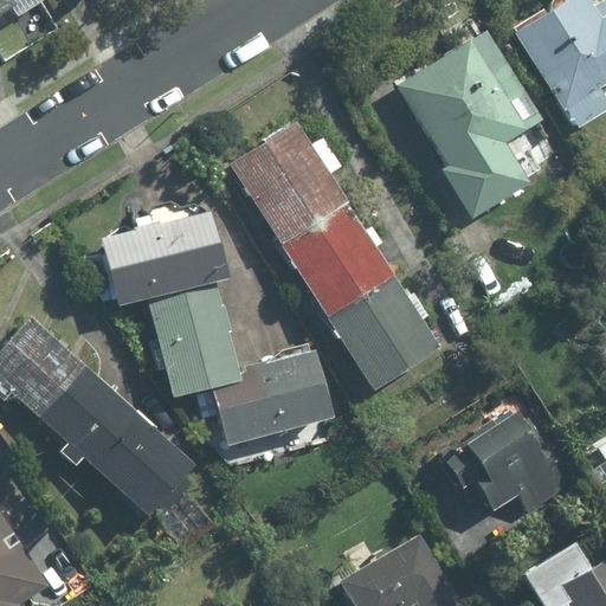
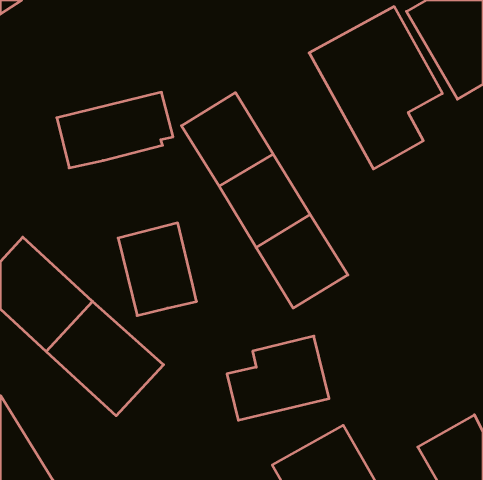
building: [90,217,236,311] -> [57,92,173,168]
building: [209,342,337,447] -> [227,336,329,420]
building: [446,414,565,518] -> none

